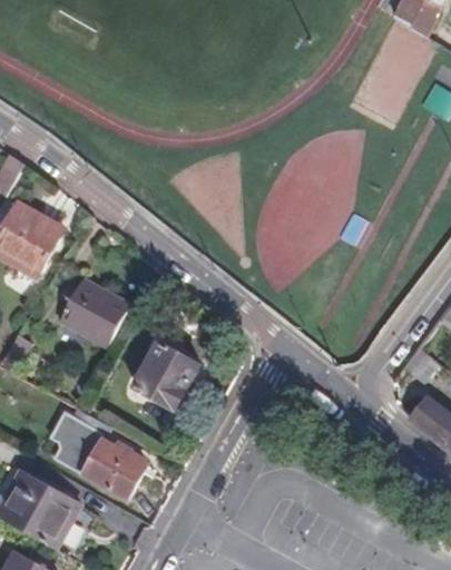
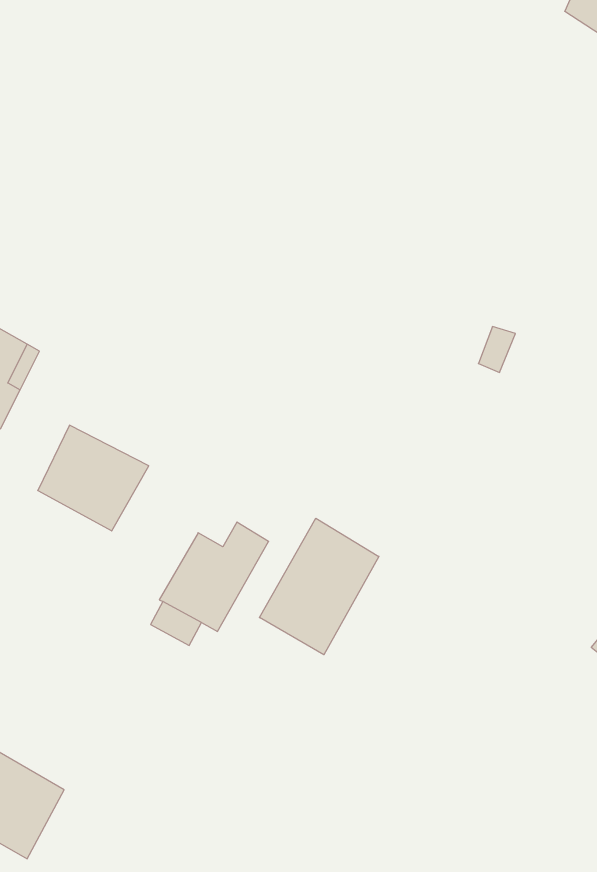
building: none -> [259,518,379,655]
building: [47,413,146,498] -> none

